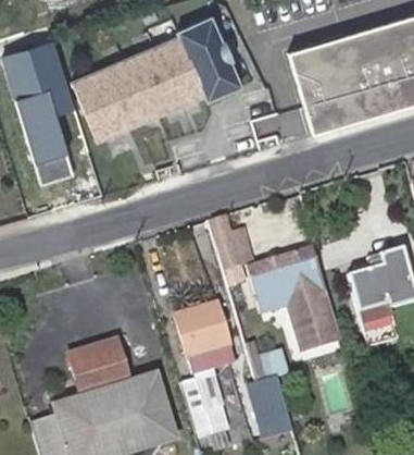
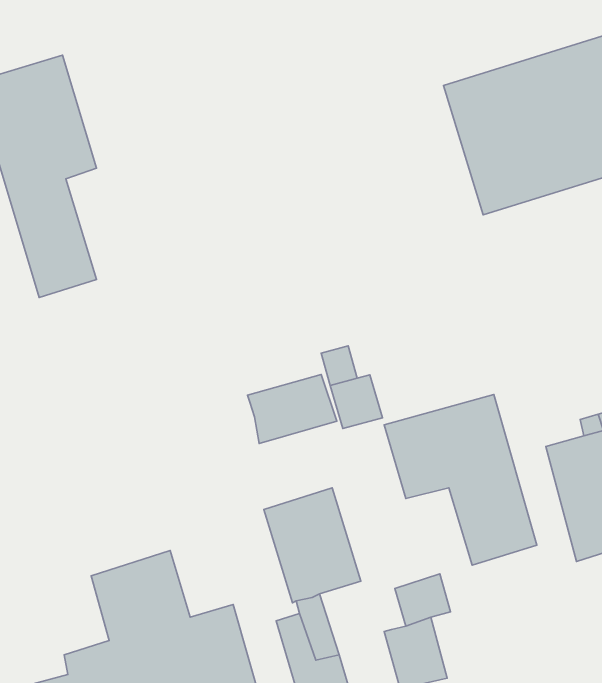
building: [74,15,240,139] -> none
building: none -> [248,375,337,444]

